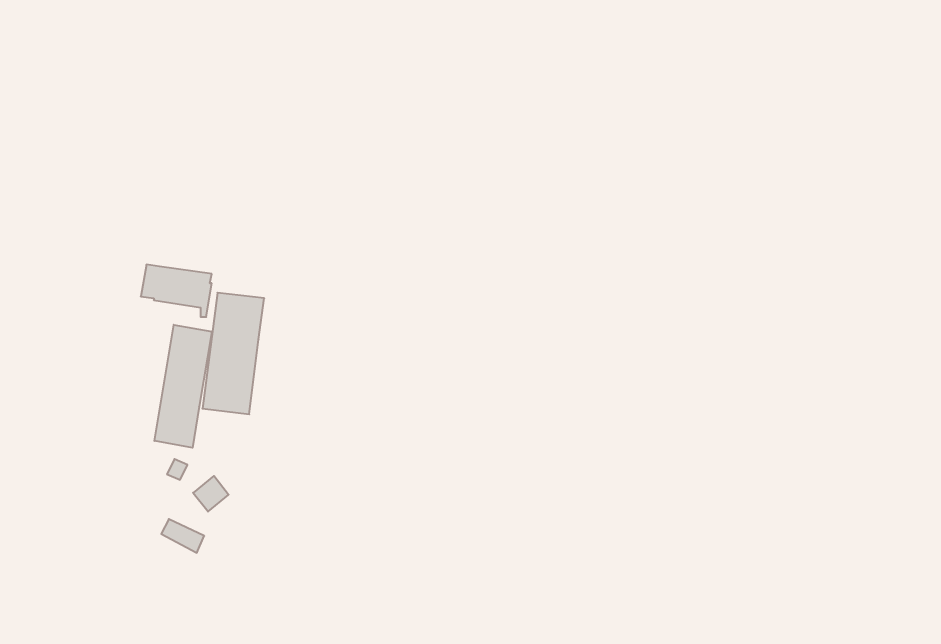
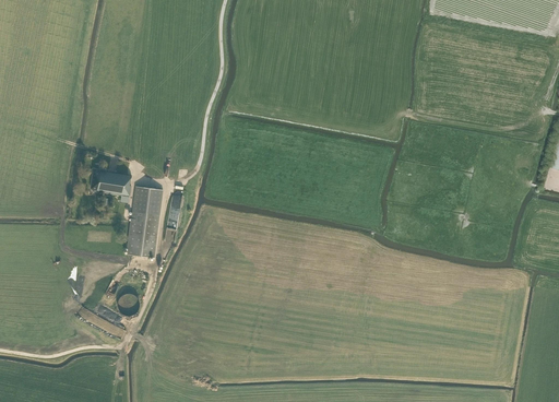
building: [154,325,212,448] -> none

